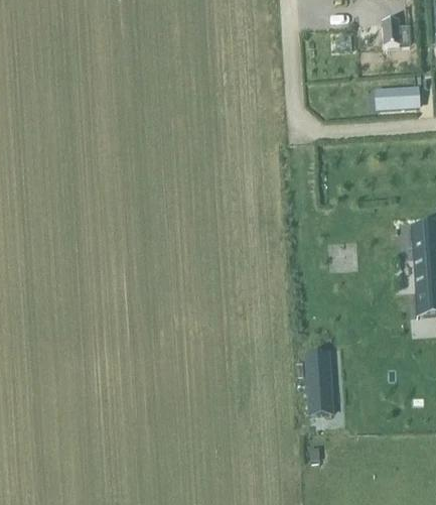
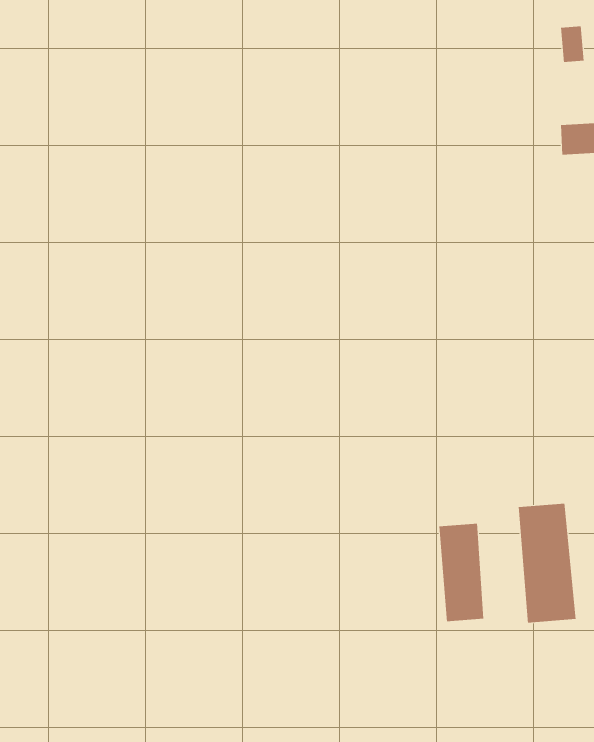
building: none -> [518,503,576,624]

